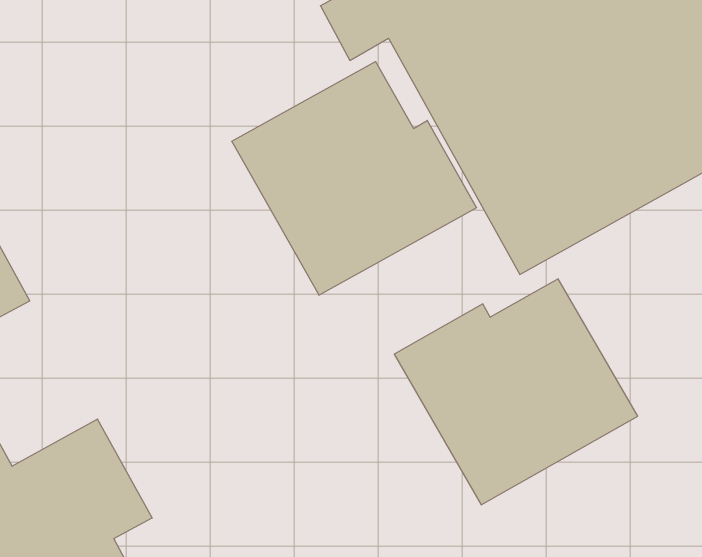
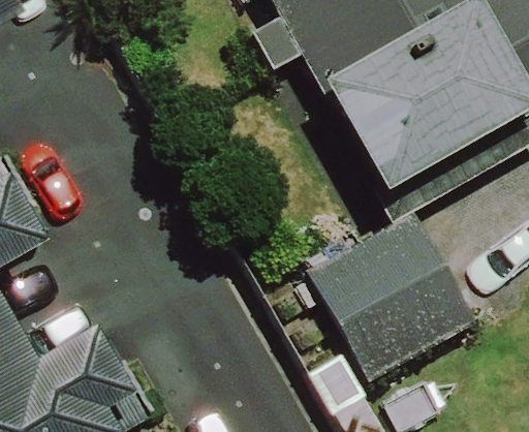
building: [232,62,477,295] -> none

